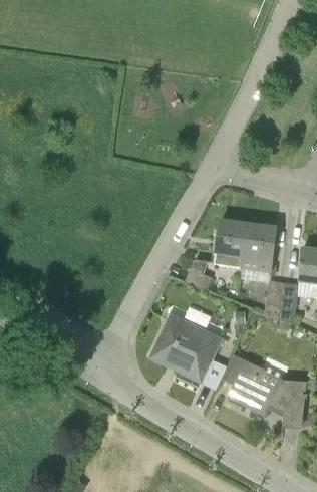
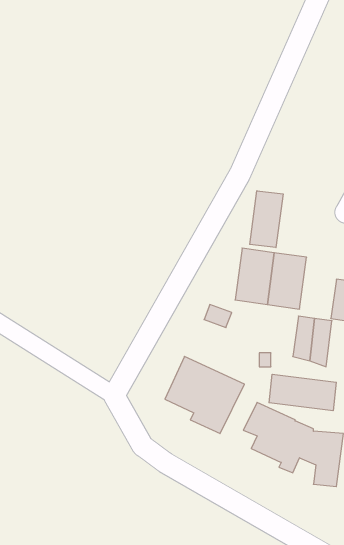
building: none -> [250,191,283,248]
building: none -> [269,374,336,411]

